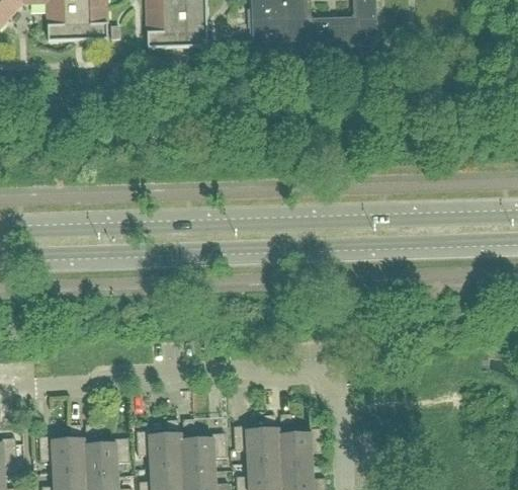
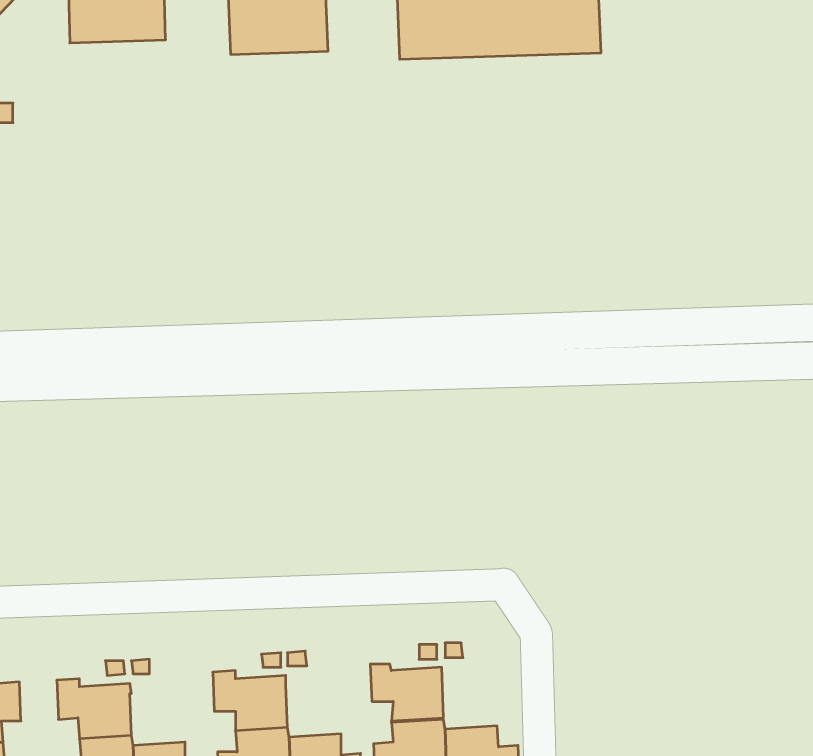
building: [279,425,324,465] -> none
building: [181,430,227,470] -> none
building: [84,435,130,475] -> none

